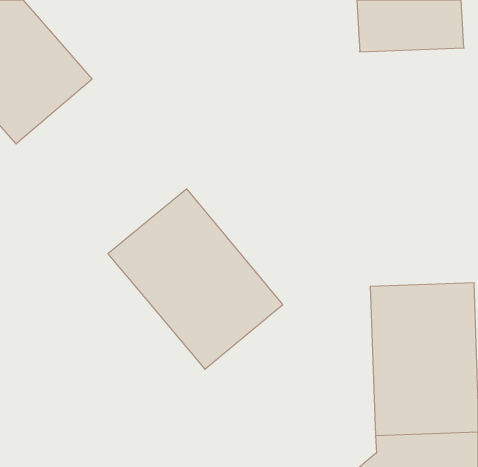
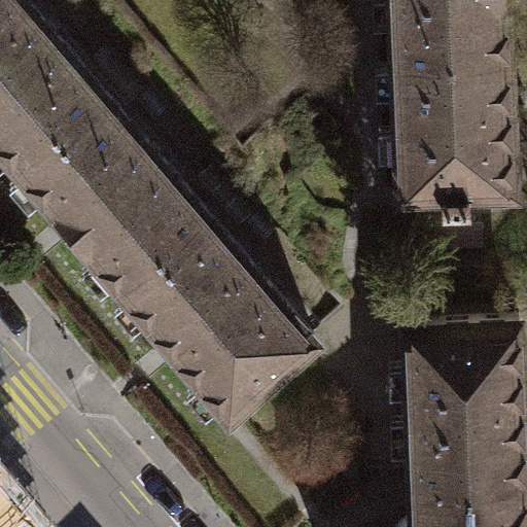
building: none -> [394,67,513,198]
building: none -> [17,101,205,292]

